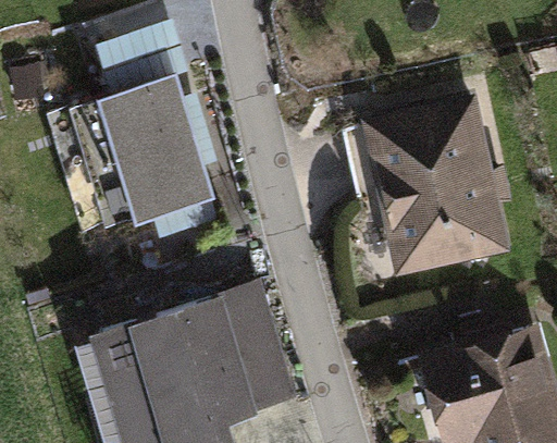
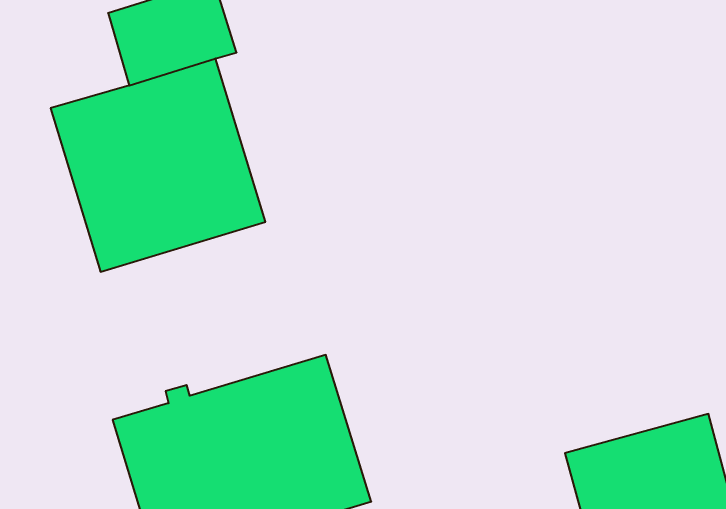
building: [373,106,506,272] -> none

